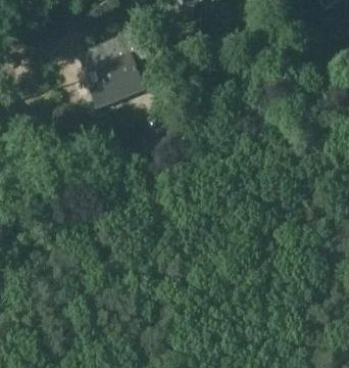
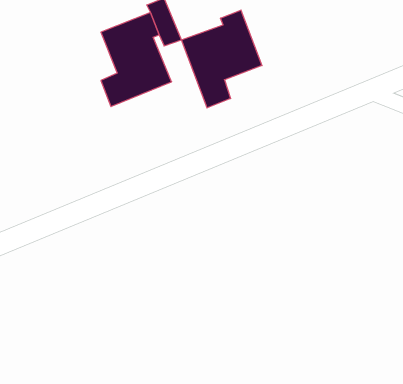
building: none -> [182,10,262,108]

